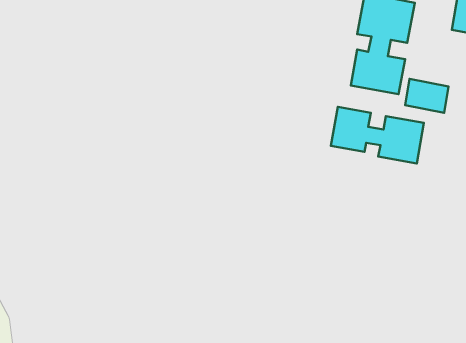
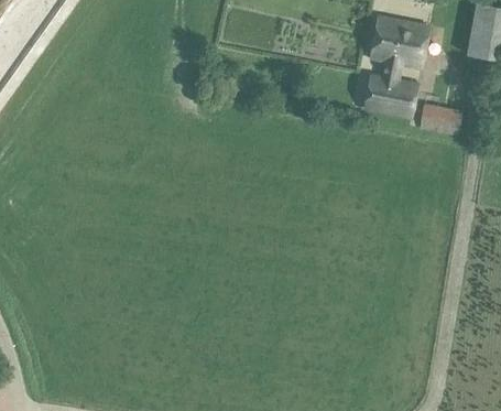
building: [331,107,424,164] -> none

